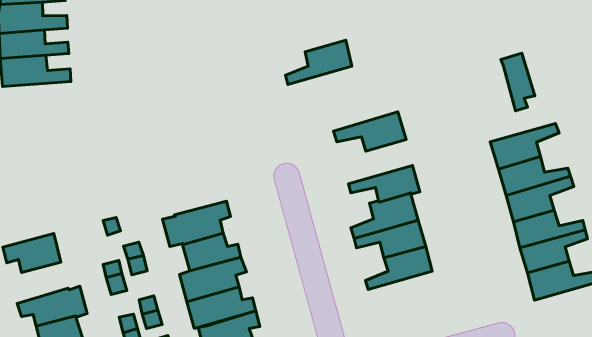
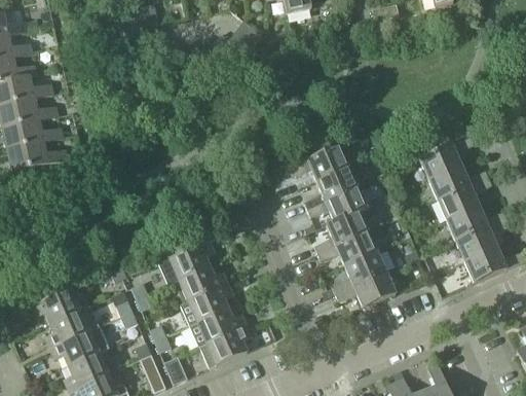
building: [285,40,352,84] -> [304,166,358,209]
building: [501,53,535,111] -> none
building: none -> [45,304,100,347]
building: none -> [336,271,396,307]

